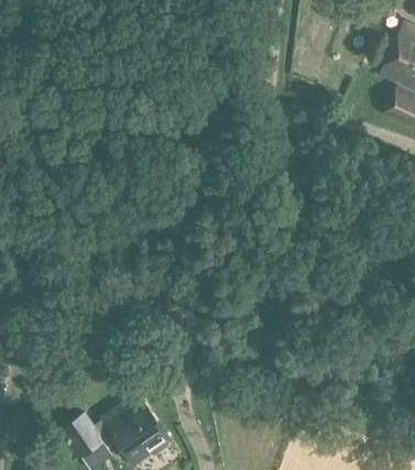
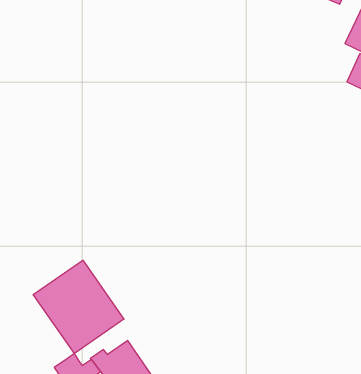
building: none -> [33,260,124,354]

